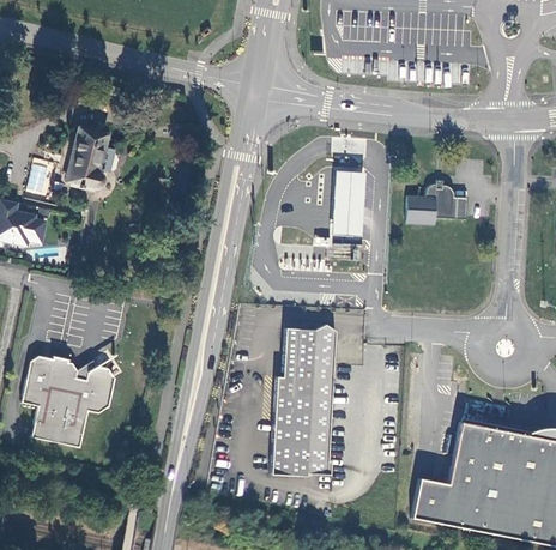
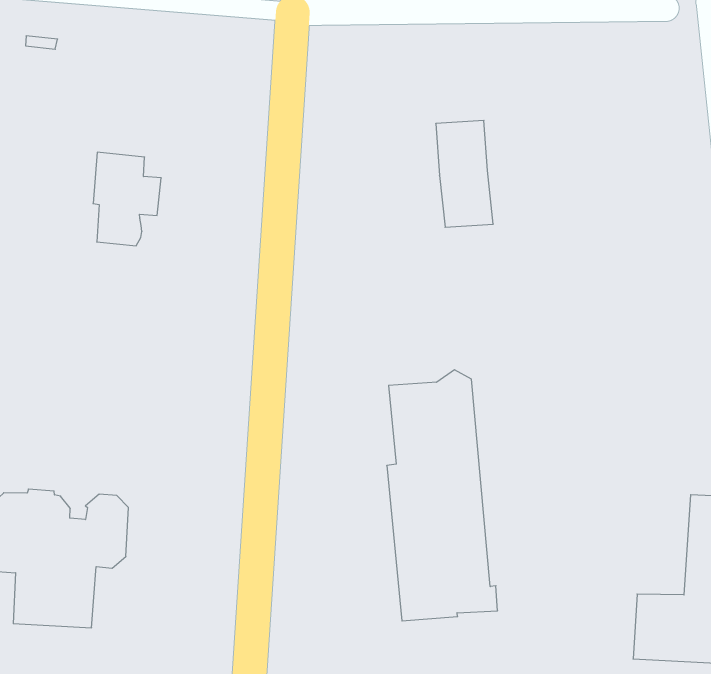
building: [68,129,114,191] -> [93,152,161,246]
building: [405,183,466,225] -> none

